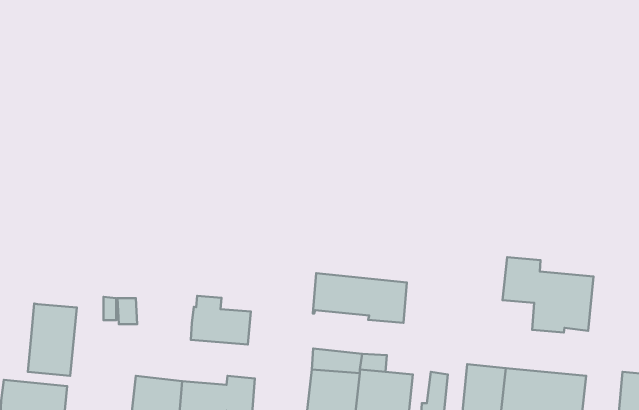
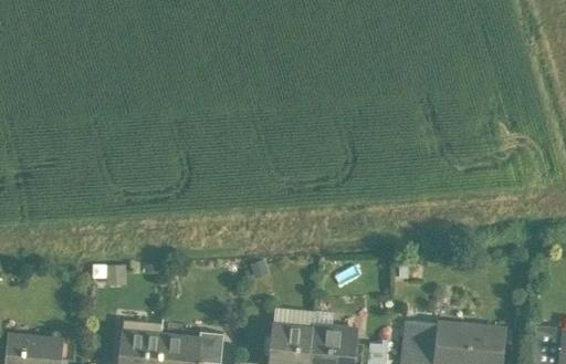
building: [502,257,593,333] -> none
building: [313,273,407,323] -> none
building: [191,296,251,345] -> none
building: [28,304,77,376] -> none

